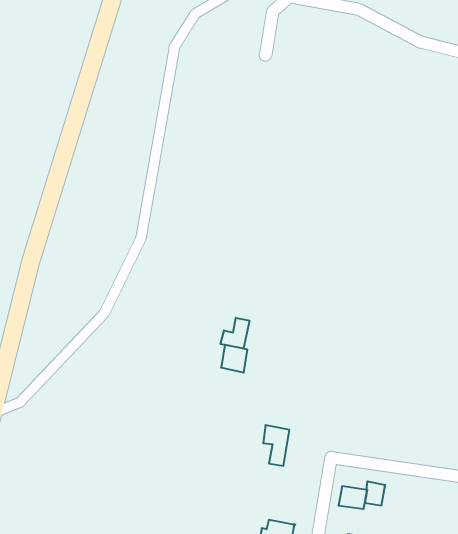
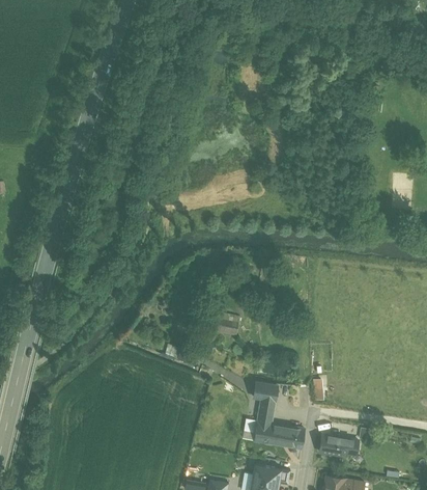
building: [221,318,249,348] -> none
building: none -> [253,415,304,448]

